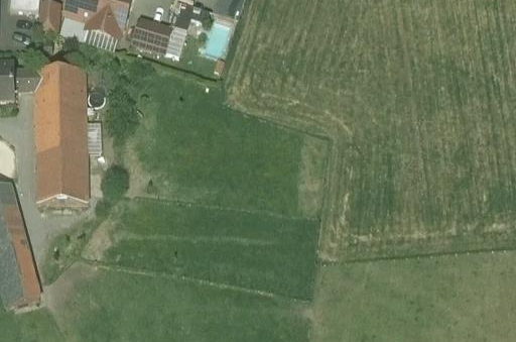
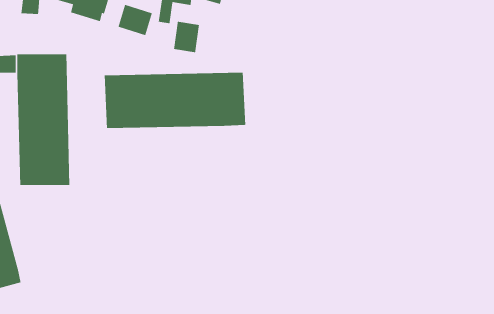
building: none -> [173,21,200,53]
building: none -> [104,72,246,129]

